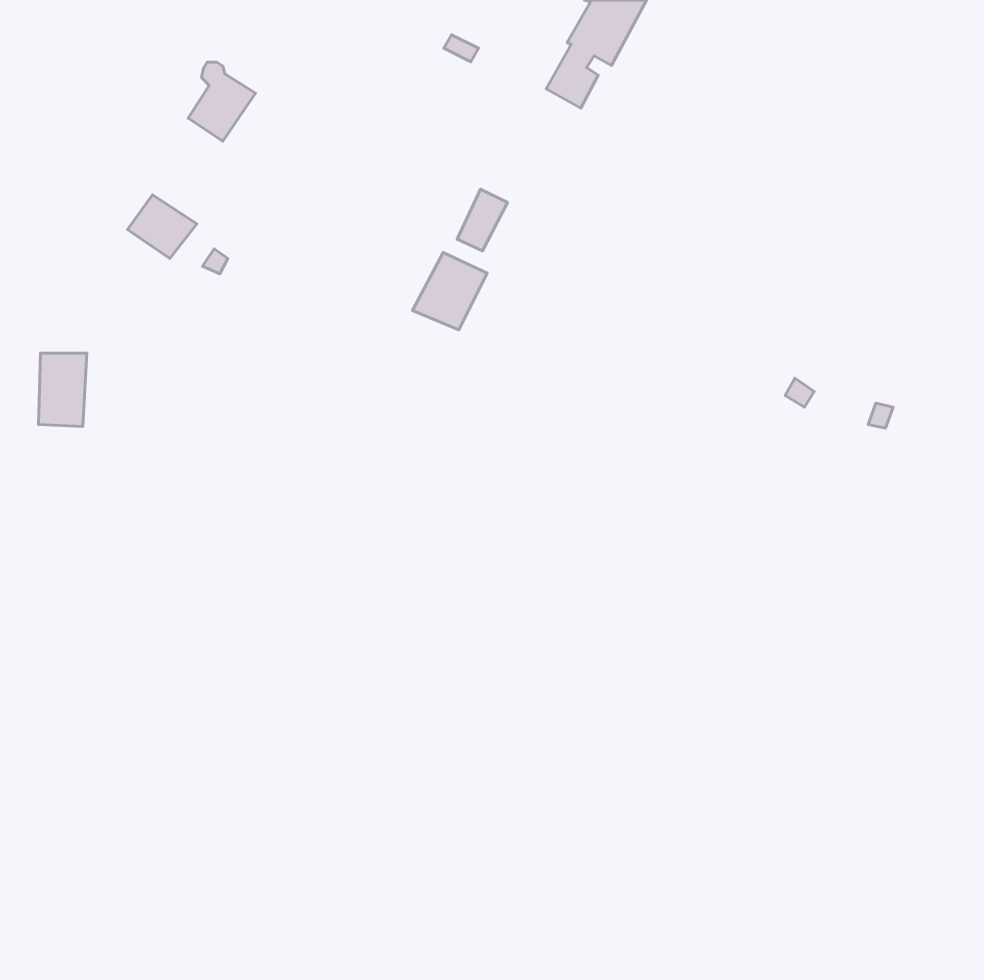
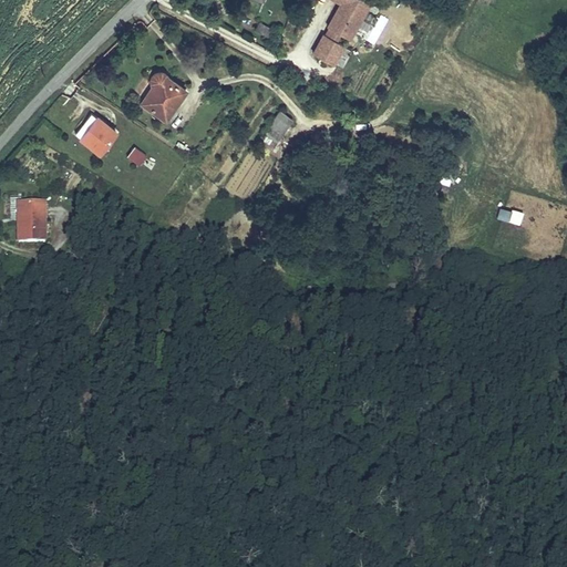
building: [188,62,256,141] -> [140,69,178,114]
building: [413,253,487,330] -> none

